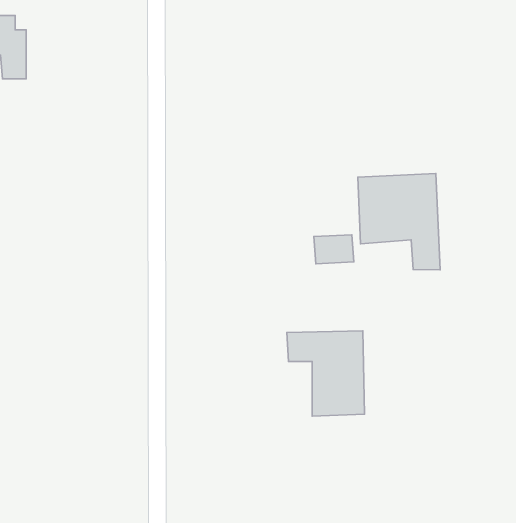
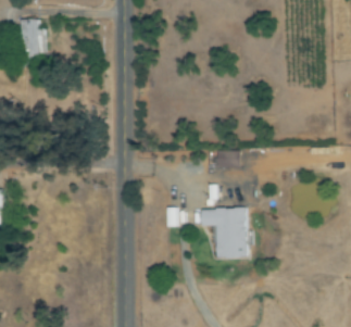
building: [358,173,440,270] -> none

